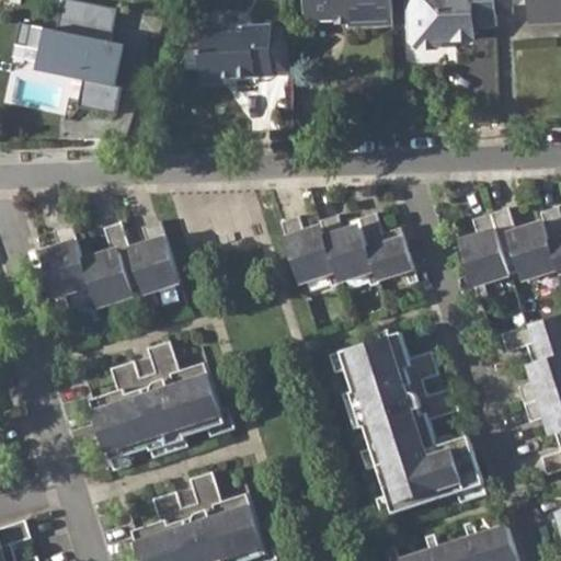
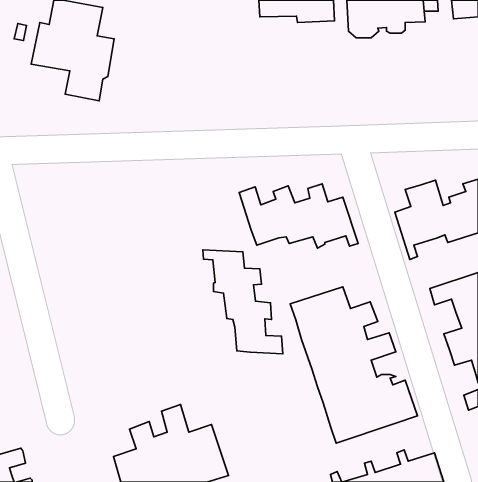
building: [196,25,290,85] -> none
building: [39,222,176,312] -> none
building: none -> [203,250,283,354]
building: [89,340,222,458] -> none

